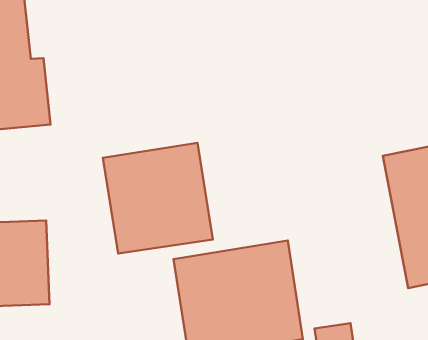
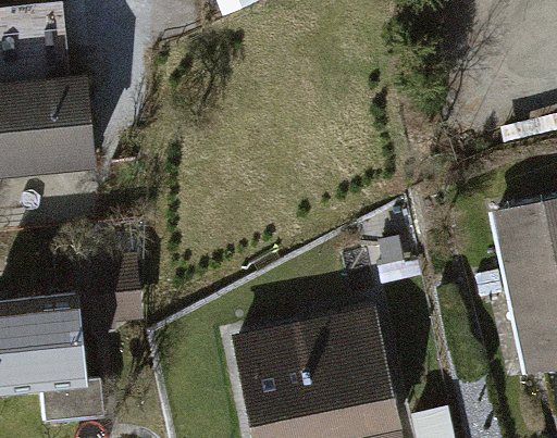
building: [103,143,213,254] -> none

